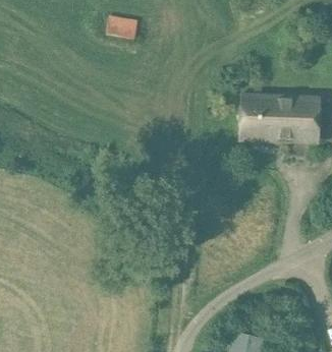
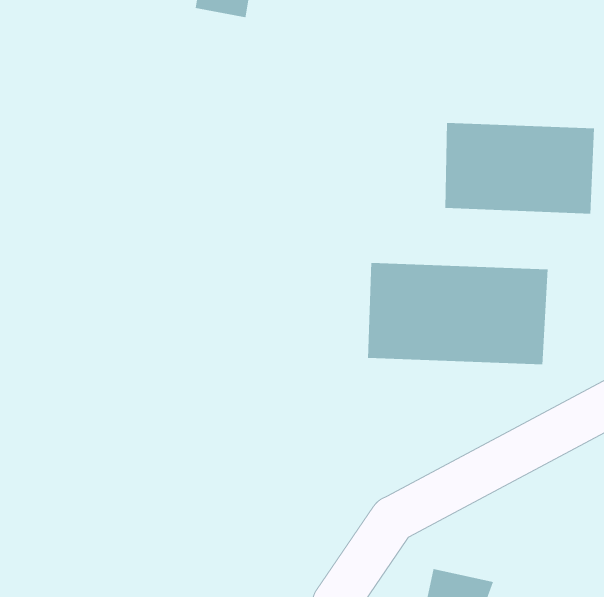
building: none -> [368,262,548,365]

